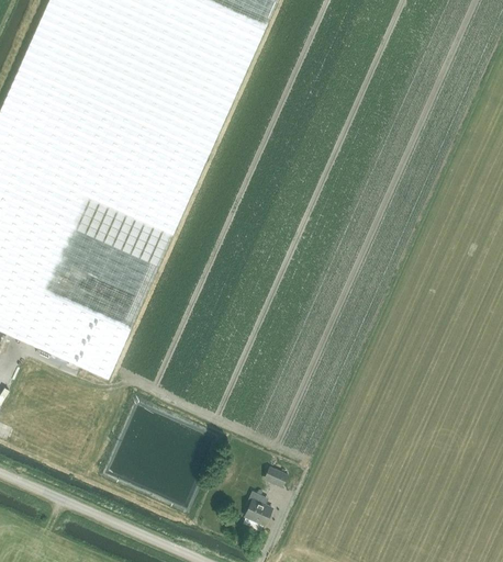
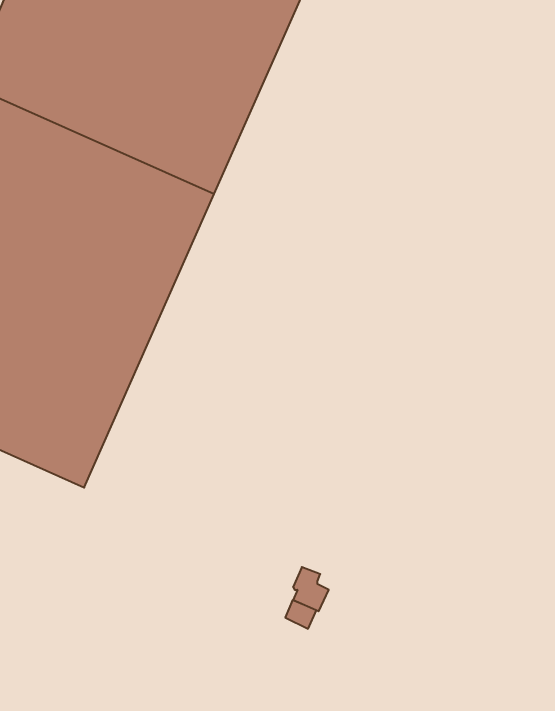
building: [244,491,271,525] -> [293,567,329,611]

